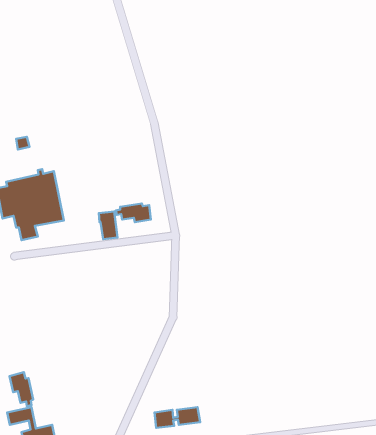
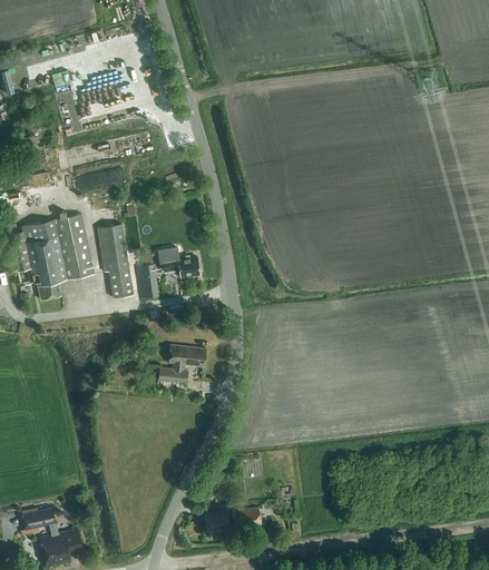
building: none -> [96,223,131,297]
building: none -> [158,343,206,382]
building: [9,372,33,406] -> none

